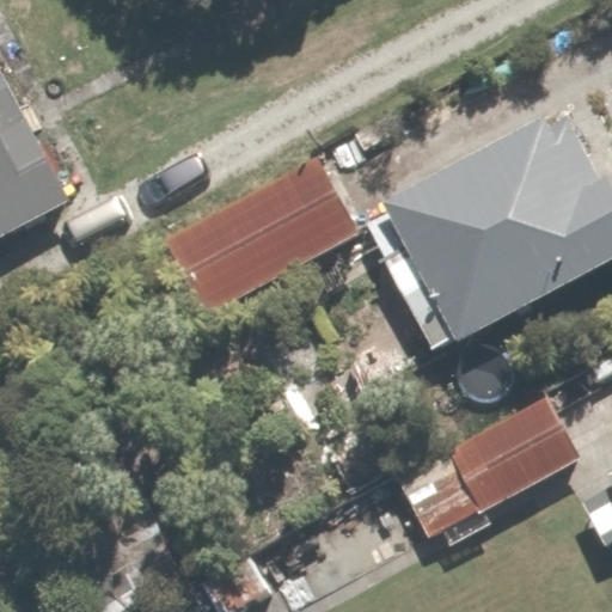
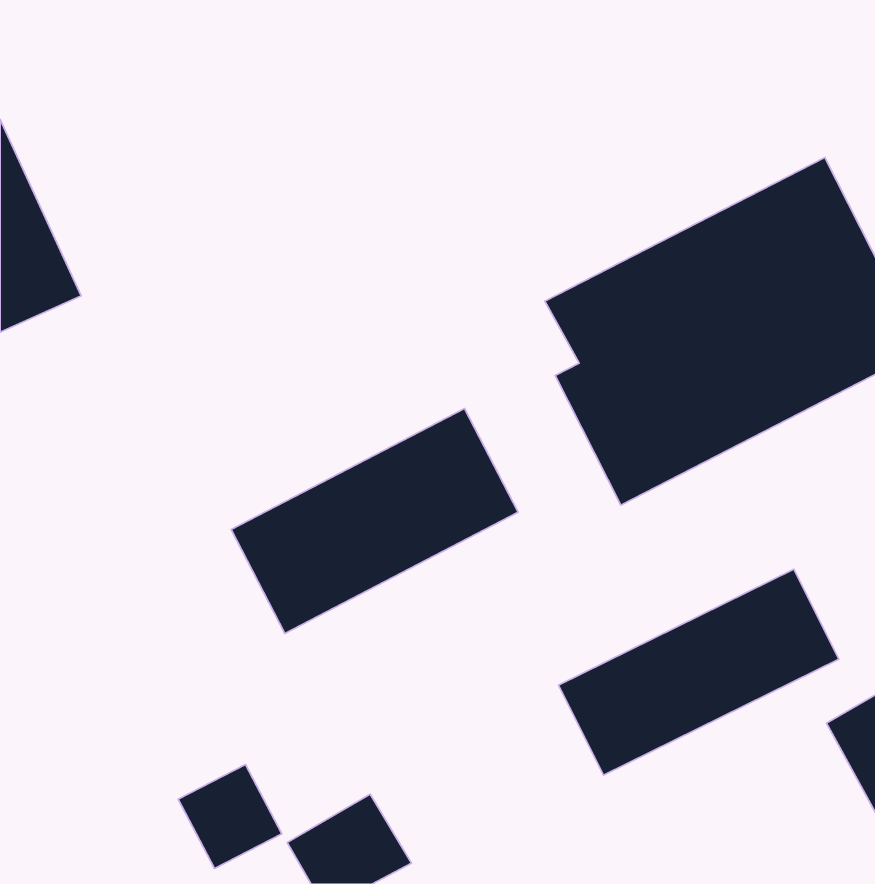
building: [158,163,356,318] -> [231,409,518,633]

